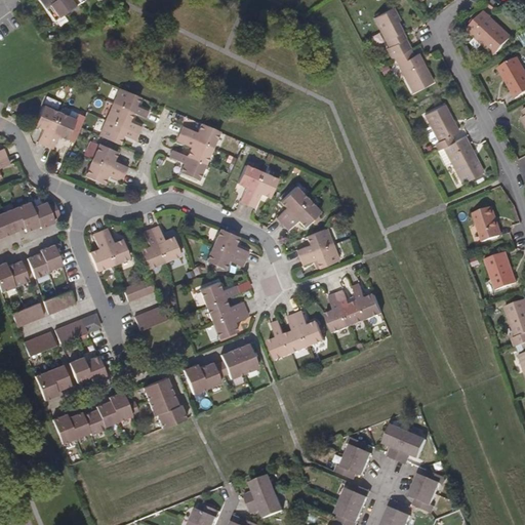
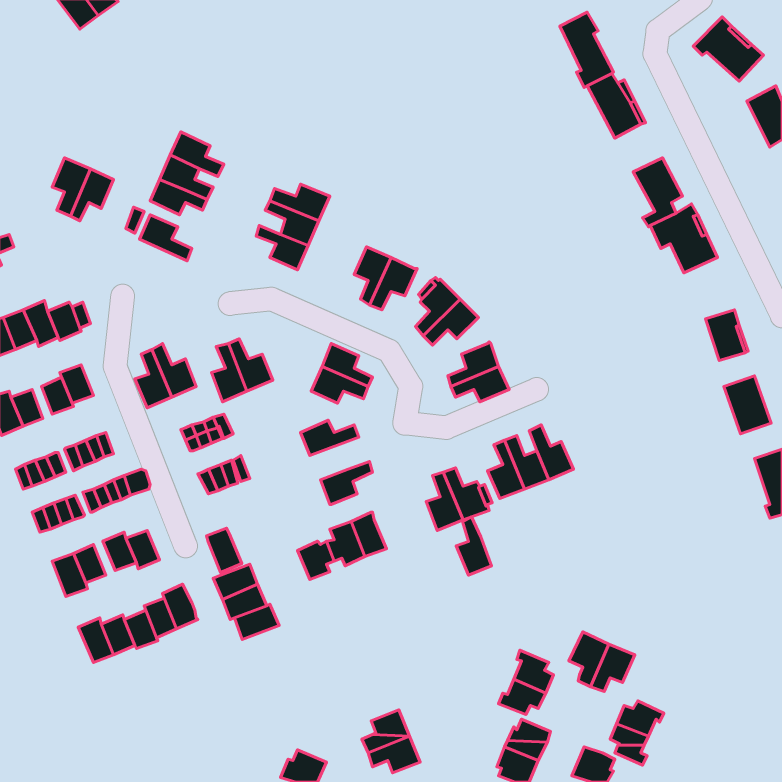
building: [86,160,125,185] -> none
building: [207,292,243,321] -> none
building: [269,322,292,361] -> [456,517,491,575]
building: [184,364,207,394] -> [207,528,242,573]

